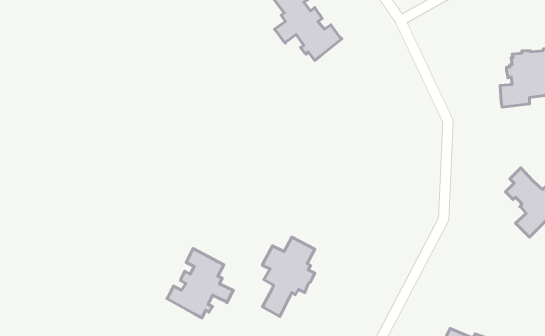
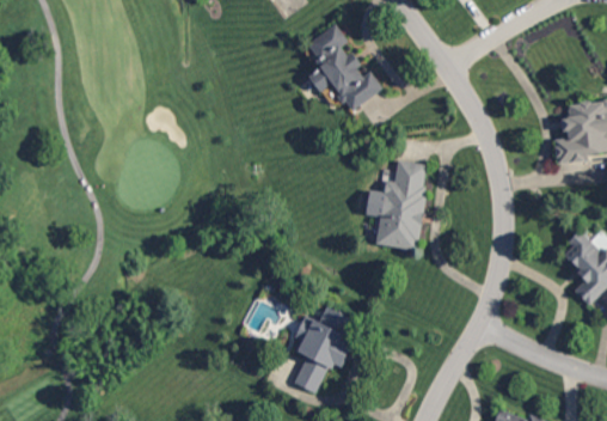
building: none -> [375,160,425,250]
building: [167,248,233,318] -> none

